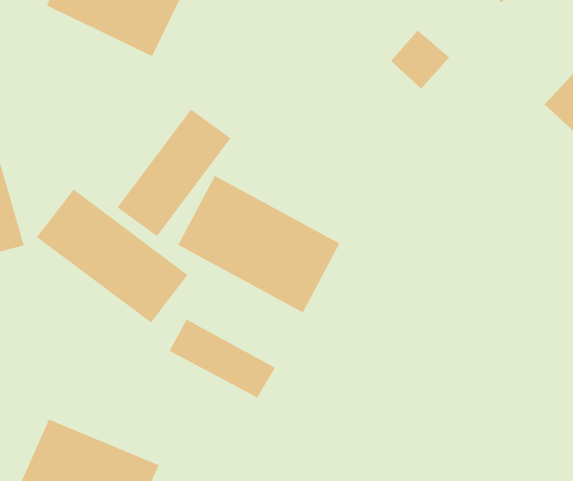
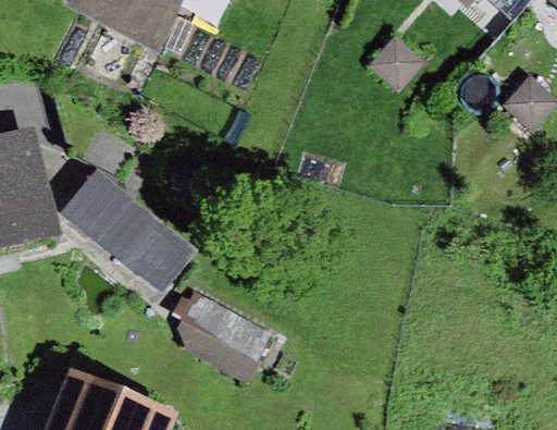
building: [116,108,231,237] -> none
building: [177,175,341,314] -> none

